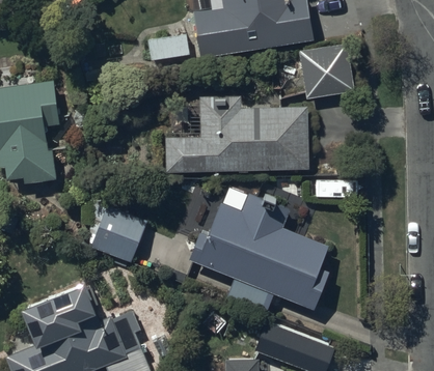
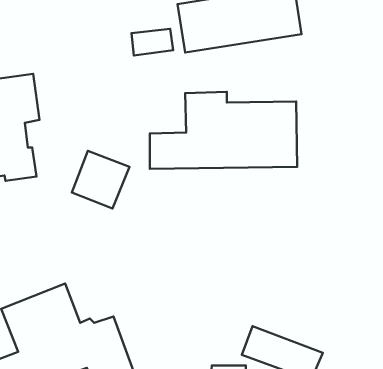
building: [298,44,352,99] -> none
building: [188,194,329,309] -> none
building: [90,207,146,263] -> [72,151,130,208]

